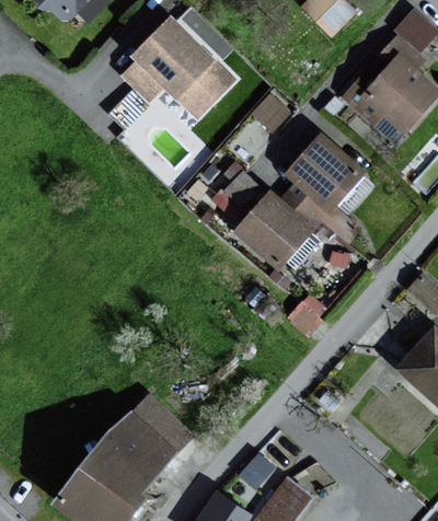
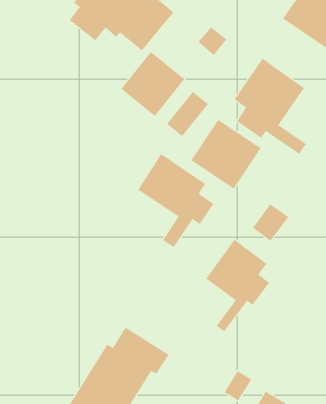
building: none -> [120,51,185,117]
building: none -> [137,153,214,248]
building: none -> [205,239,270,332]

